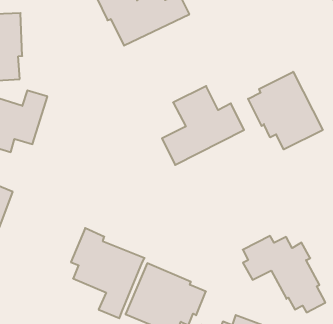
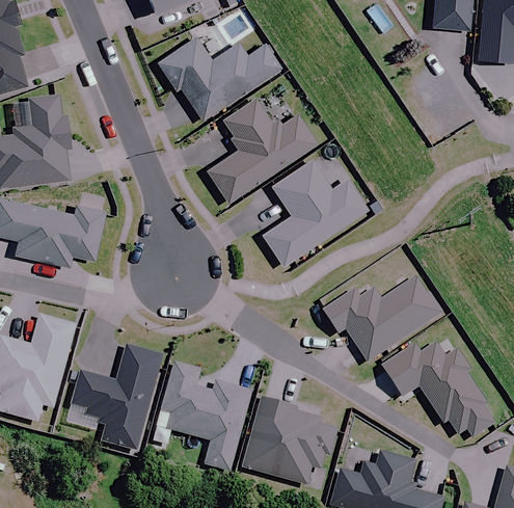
building: none -> [205,88,315,204]
building: [248,72,323,149] -> none
building: none -> [322,276,440,362]
building: none -> [75,345,162,444]

